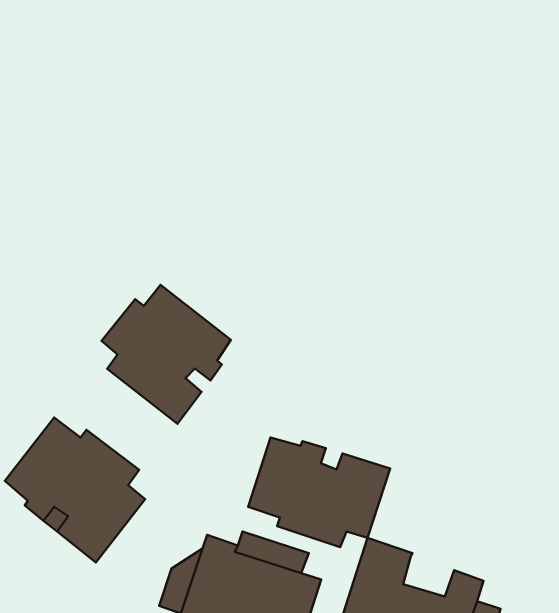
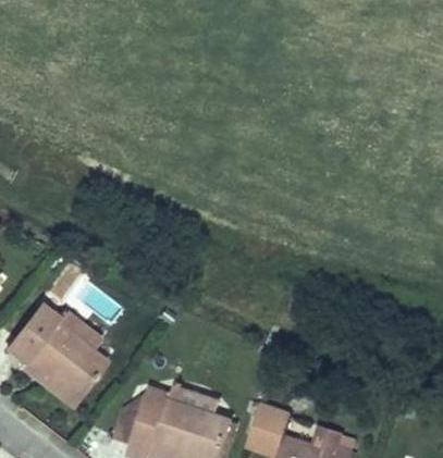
building: [102,285,231,424] -> none
building: [248,438,390,547] -> none

